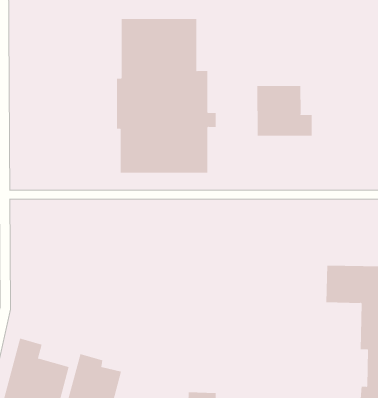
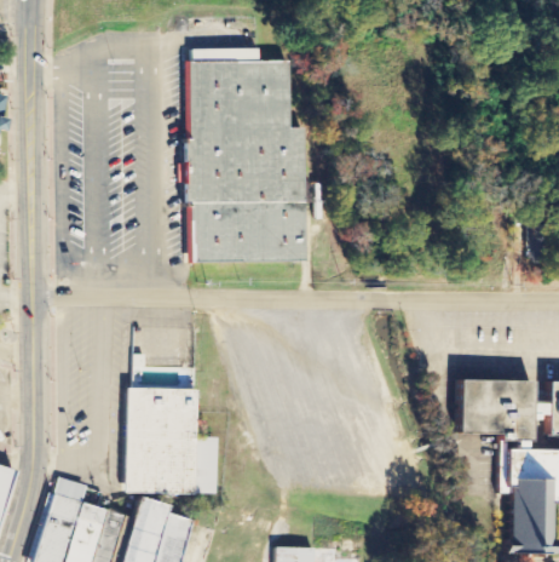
building: [257,85,312,136] -> none
building: none -> [127,386,221,493]

